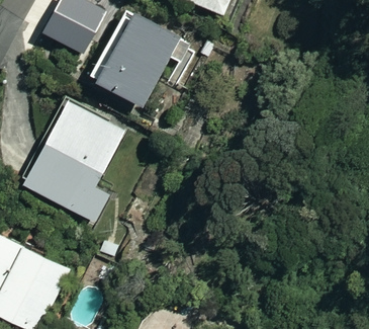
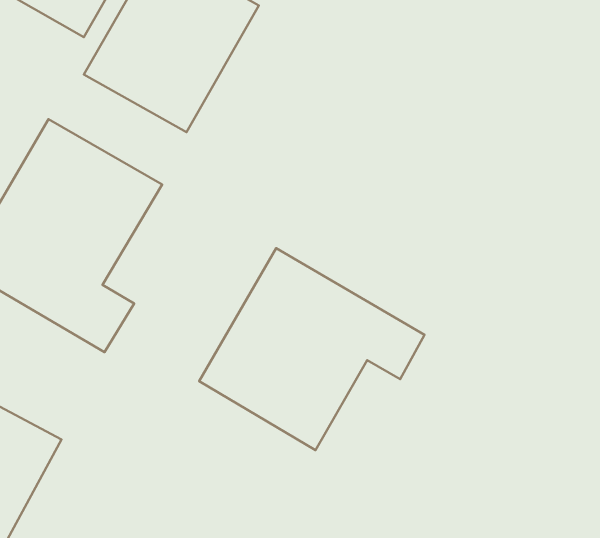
building: none -> [199,248,424,450]

